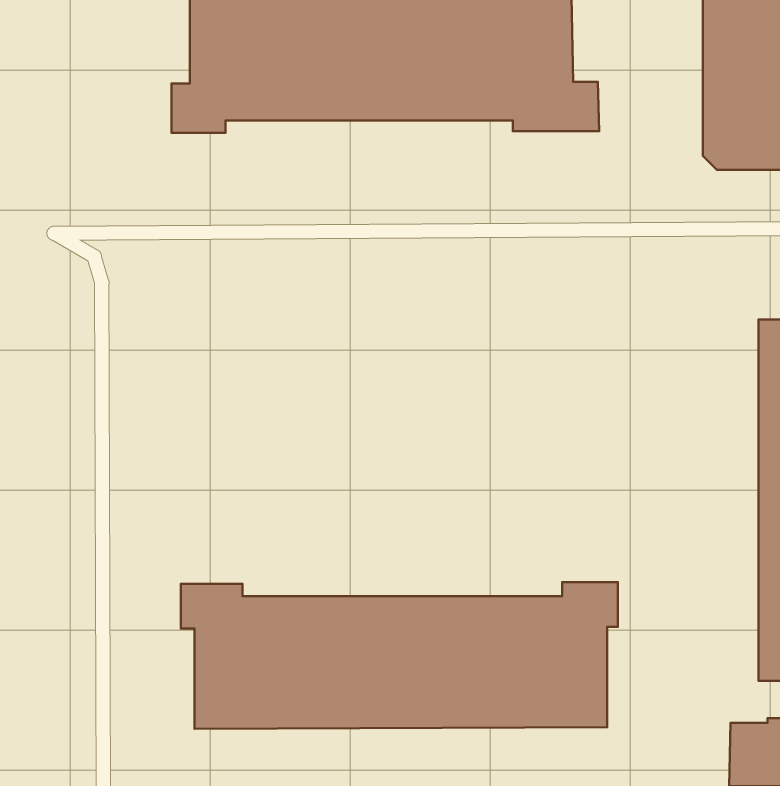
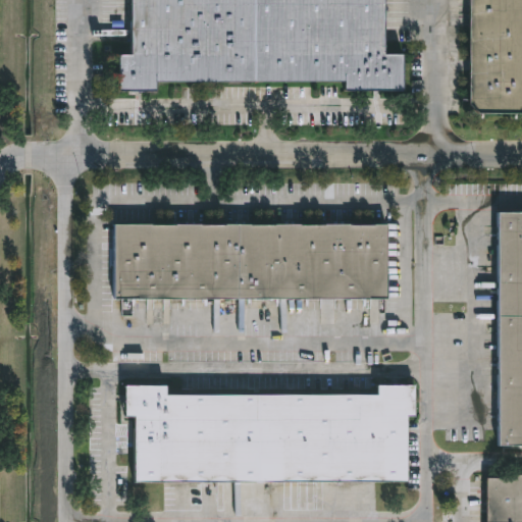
building: none -> [114,223,386,298]

